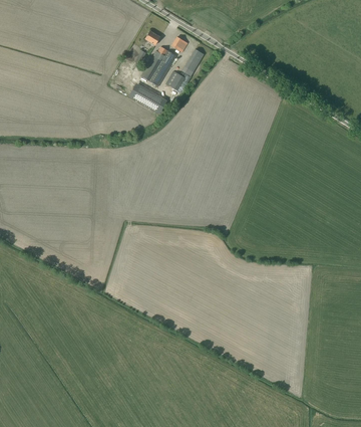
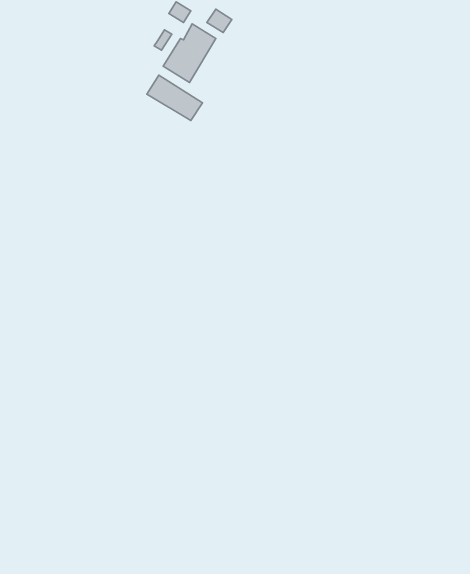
building: [165,49,204,90] -> none

